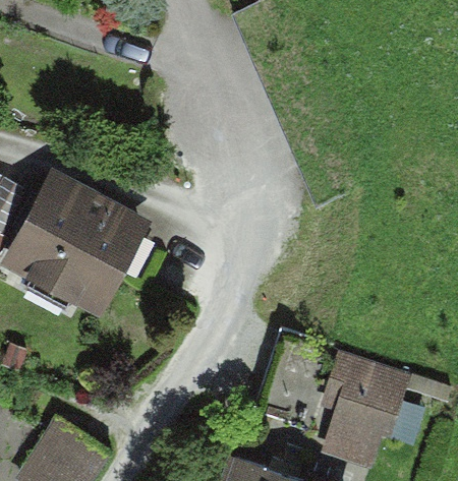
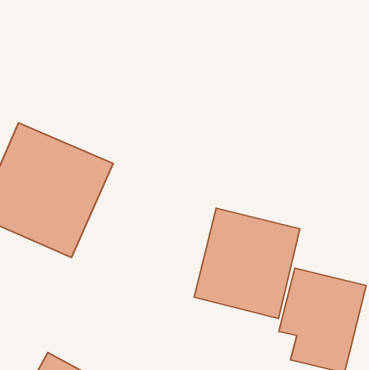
building: none -> [194,208,300,318]

